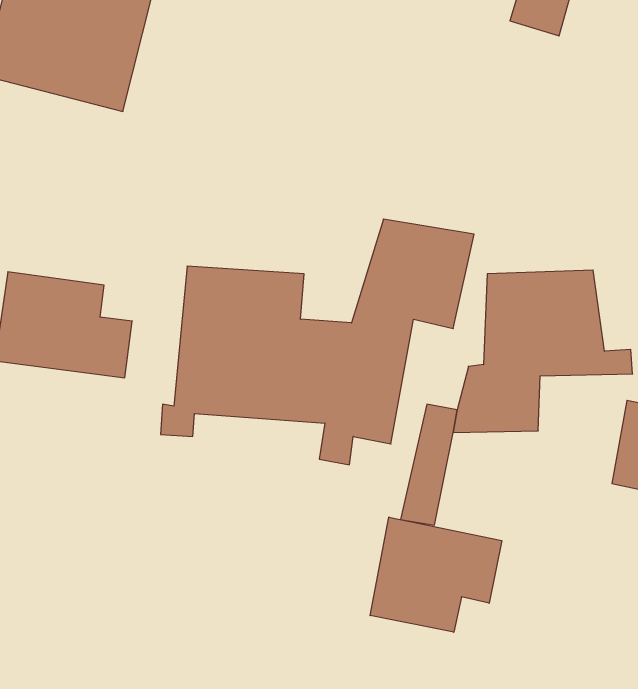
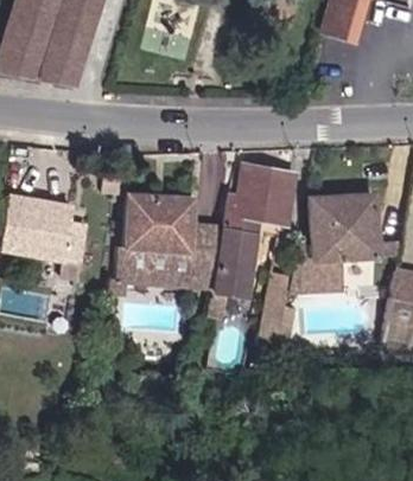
building: [370,517,502,632] -> none

